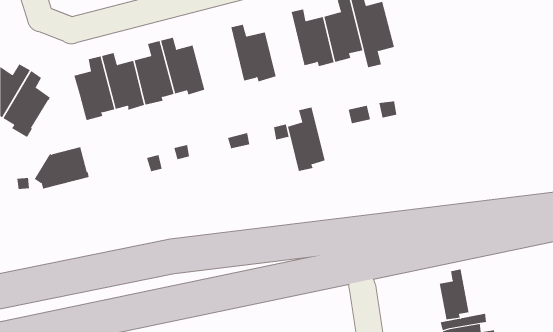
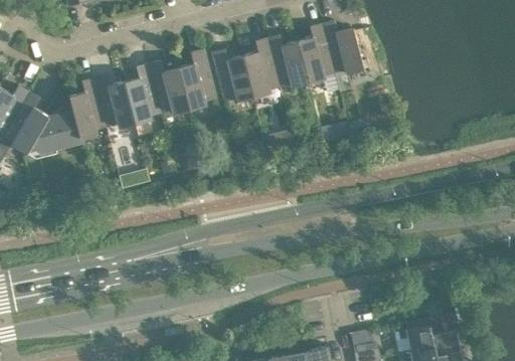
building: none -> [178,49,215,109]
building: [287,107,325,171] -> [244,37,280,97]
building: [34,147,90,189] -> [30,114,81,153]
building: [439,269,469,320] -> none

